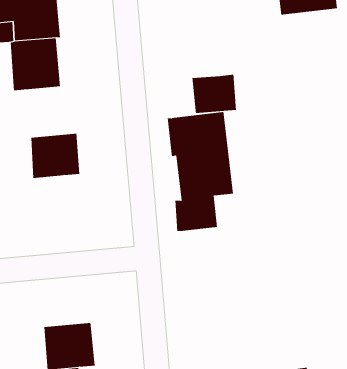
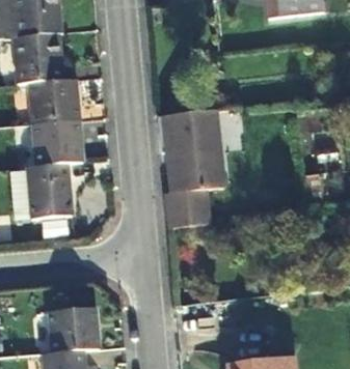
building: [192,74,237,114] -> none
building: none -> [25,84,75,133]
building: none -> [24,169,68,226]

